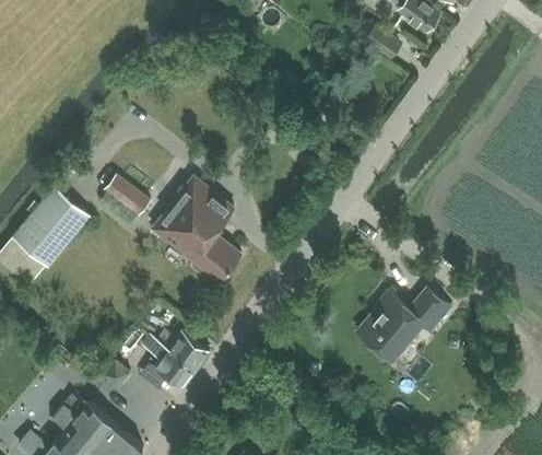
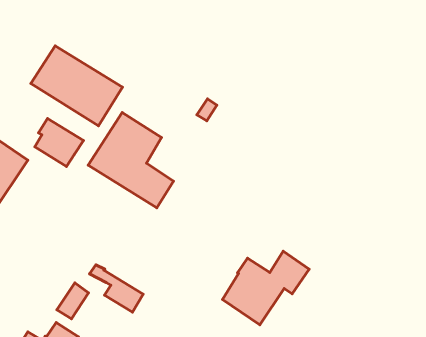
building: none -> [31,46,122,126]
building: [356,288,450,362] -> [223,251,309,325]
building: [156,329,209,370] -> none

